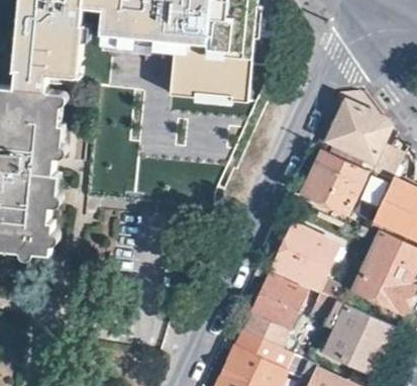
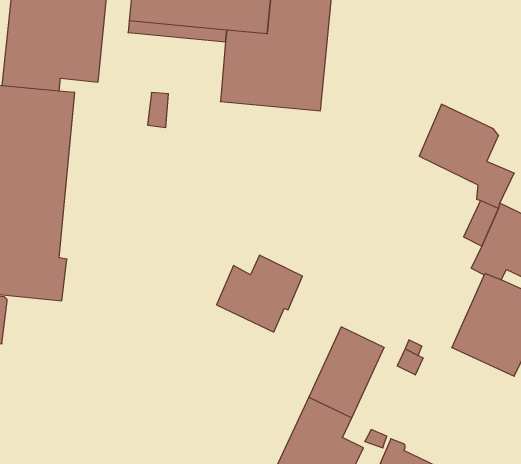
building: [303,148,367,212] -> none
building: [272,225,338,285] -> [217,255,302,332]
building: [321,298,394,373] -> none

